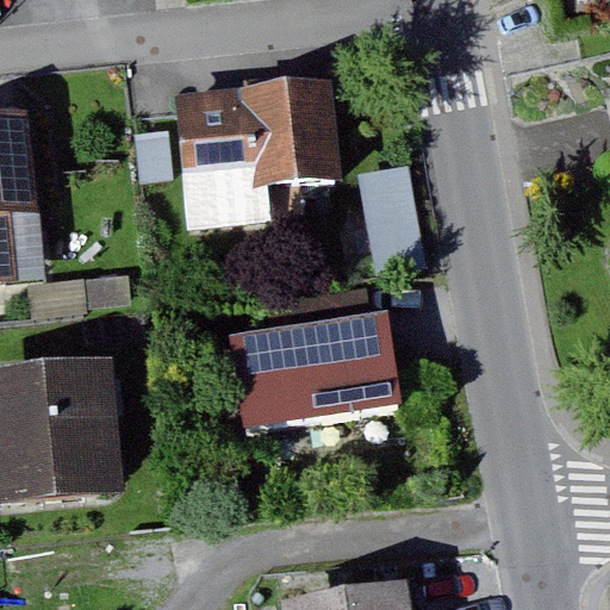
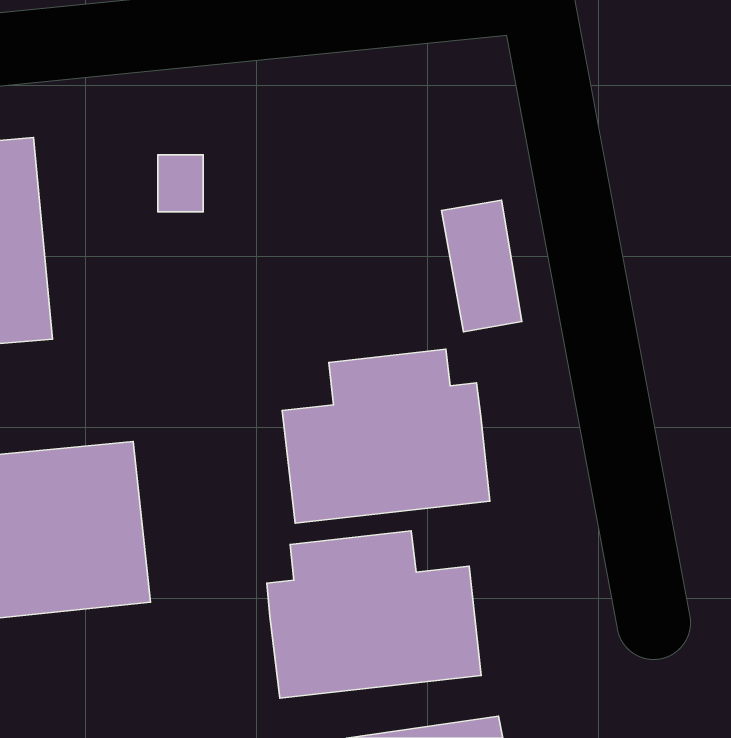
building: [173,81,335,189] -> none
building: none -> [267,531,481,698]

